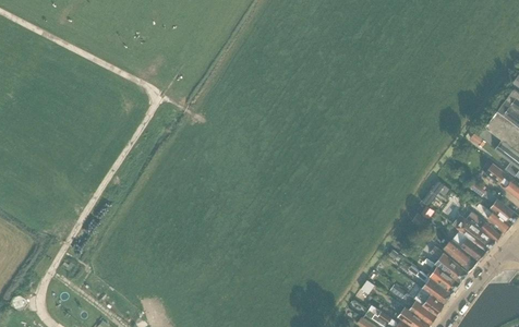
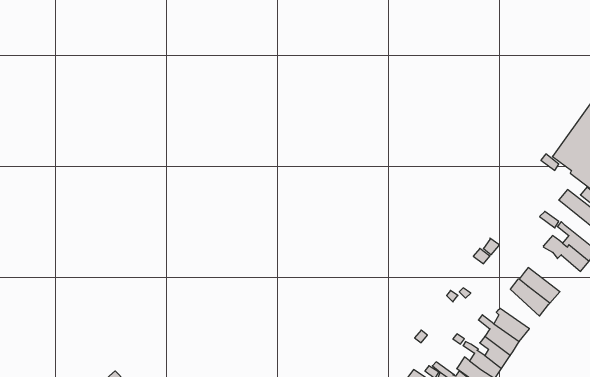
building: [452,211,499,250] -> none
building: [424,245,467,281] -> none

